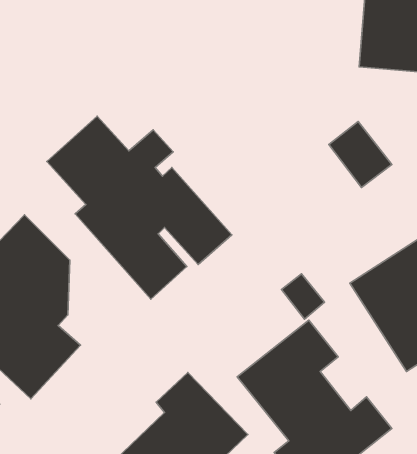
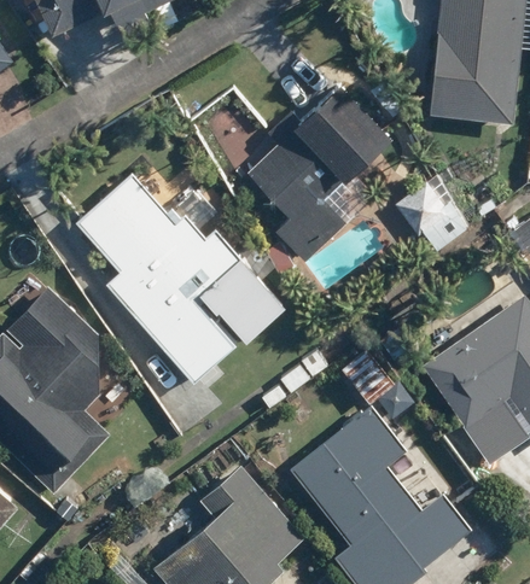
building: none -> [246,83,389,261]

